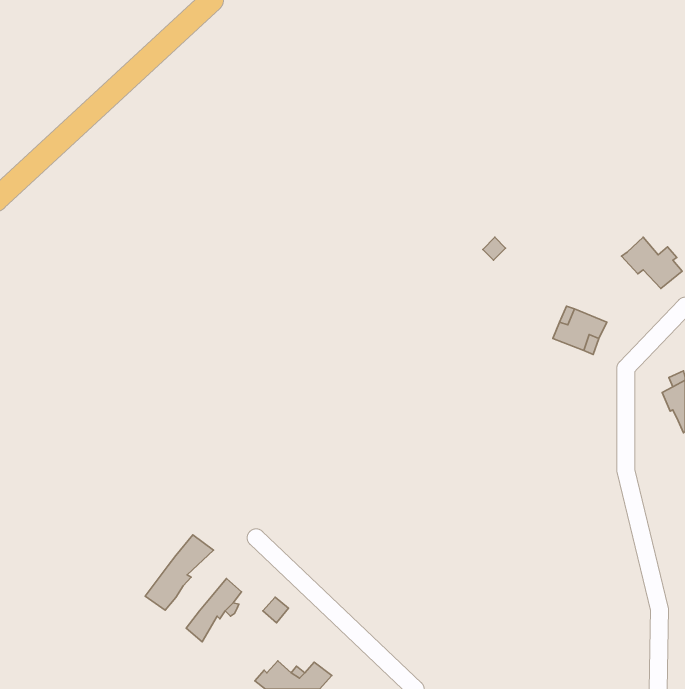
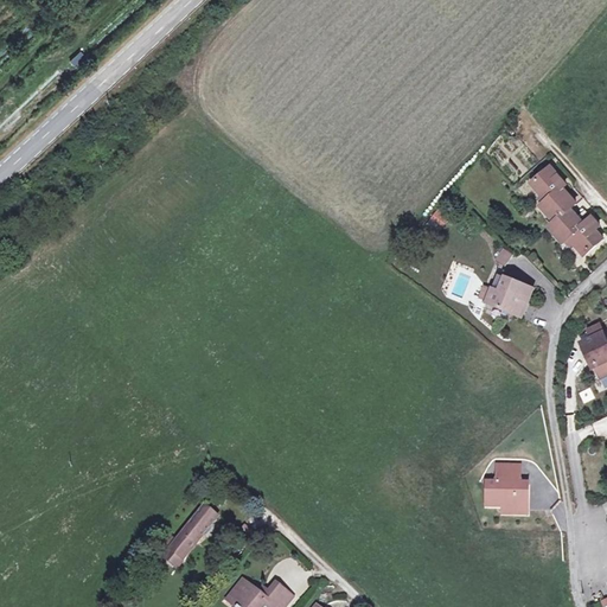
building: none -> [528,168,570,222]
building: none -> [485,466,526,515]
building: [145,535,213,610] -> none

